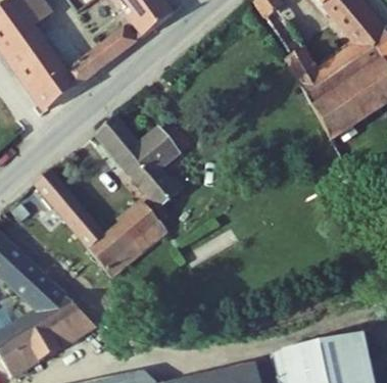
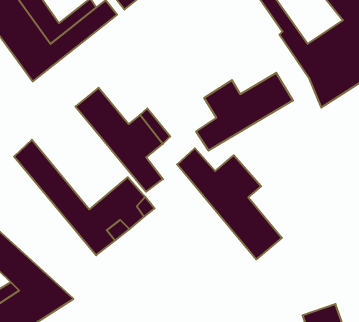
building: none -> [196,73,293,151]
building: none -> [177,148,282,259]

